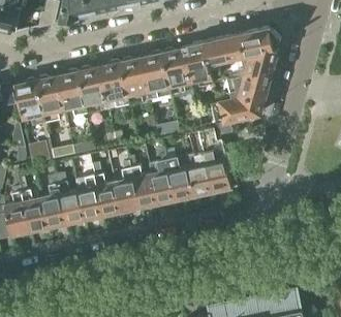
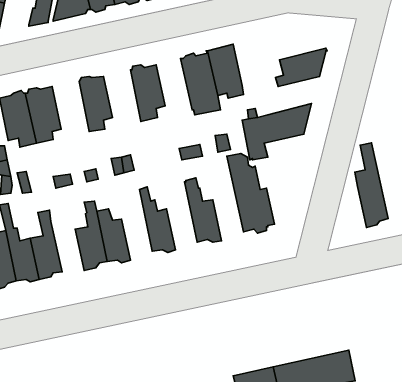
building: [204,26,281,73] -> none
building: [142,51,171,96] -> none
building: [99,60,129,104] -> none
building: [226,66,273,97] -> none
building: [58,69,88,114] -> none
building: [185,130,212,198] -> [355,143,388,228]
building: [149,151,175,205] -> none
building: [114,156,138,214] -> none
building: [56,171,84,223] -> none

